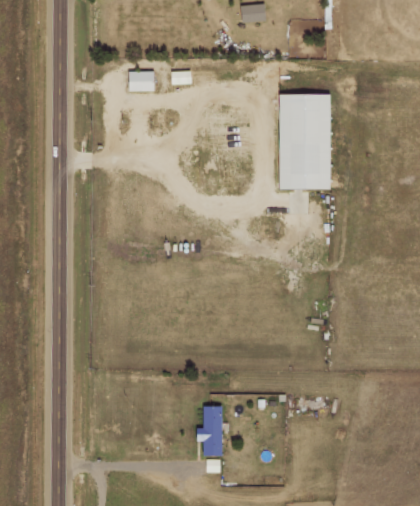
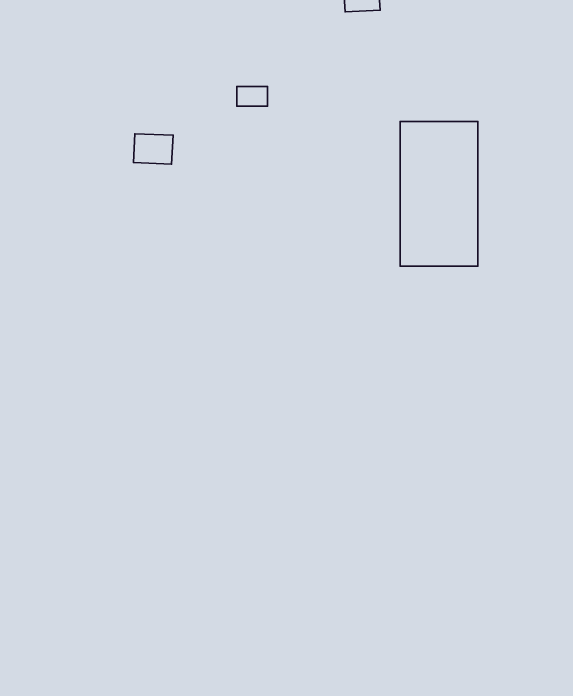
building: [129,71,155,91] -> [133,134,173,164]
building: [198,406,223,455] -> none

